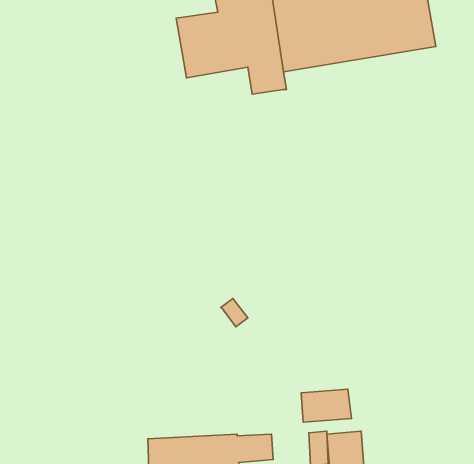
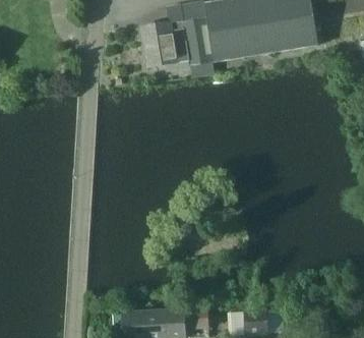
building: [301,389,352,422] -> none

